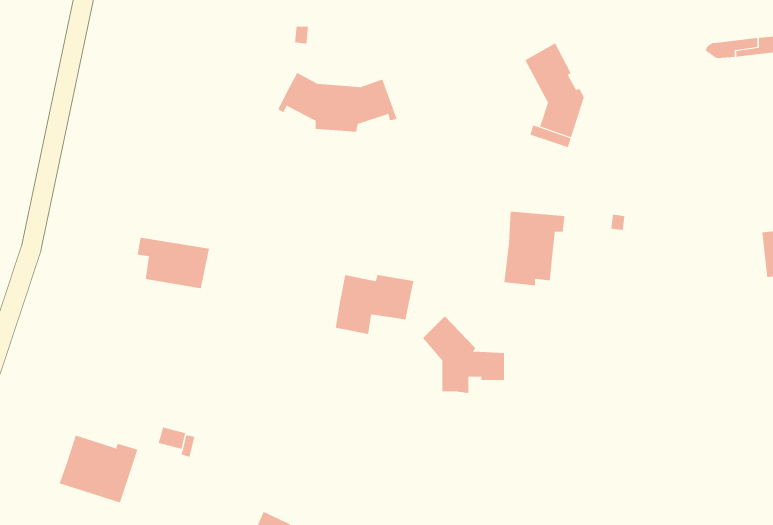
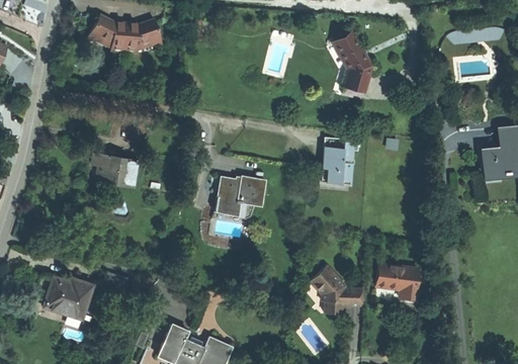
building: [277,72,397,132] -> [88,14,163,52]
building: [422,316,505,393] -> [313,265,364,313]
building: none -> [375,263,420,299]

